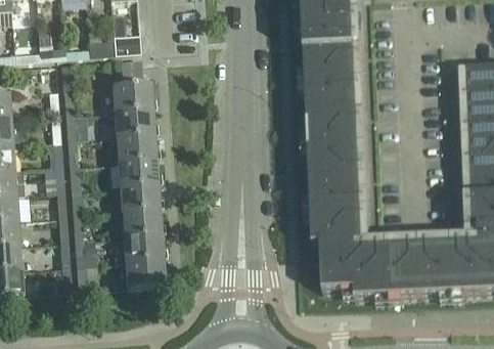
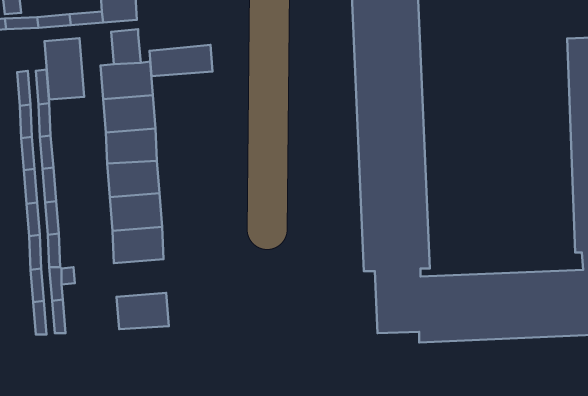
building: none -> [44,38,84,100]
building: none -> [149,45,212,76]
building: [122,231,162,260] -> none

